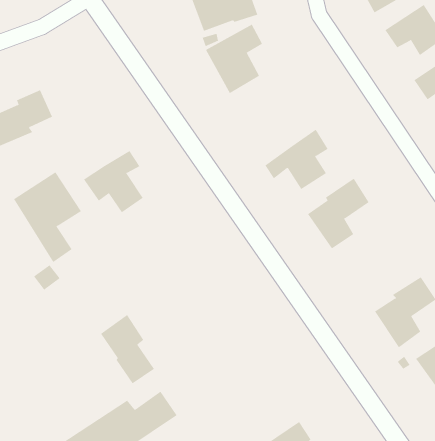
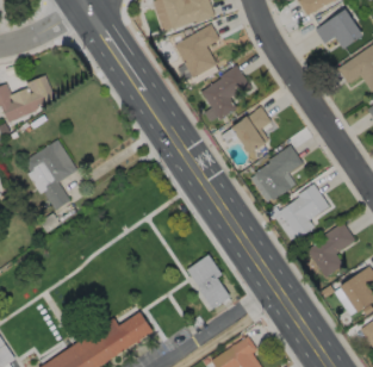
building: none -> [201,64,251,119]
building: [83,150,144,213] -> none
building: none -> [279,183,329,238]
building: [100,314,155,384] -> [187,254,230,309]

